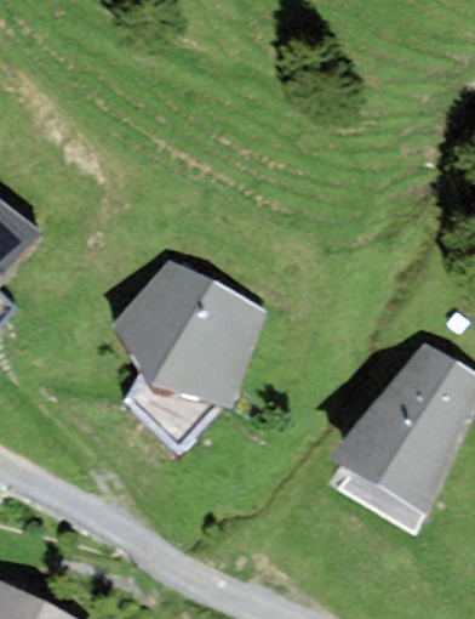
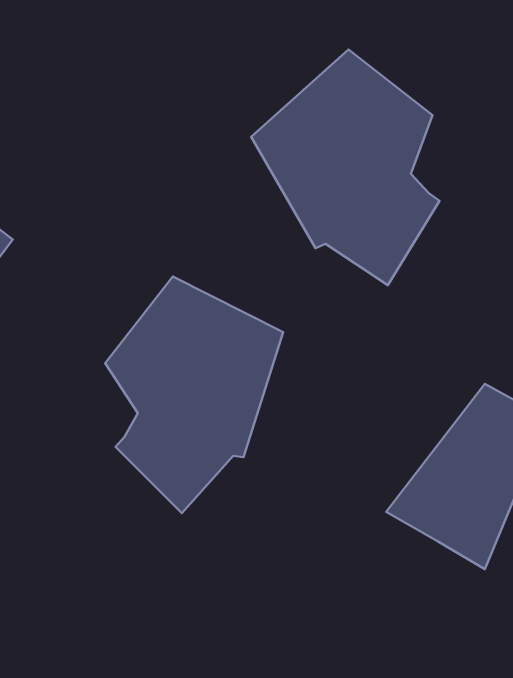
building: none -> [251,50,440,285]

